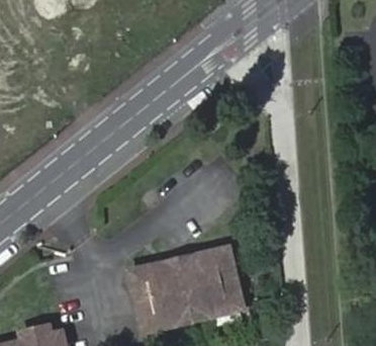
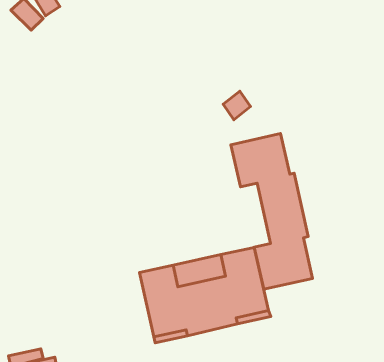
building: none -> [231,134,313,289]

